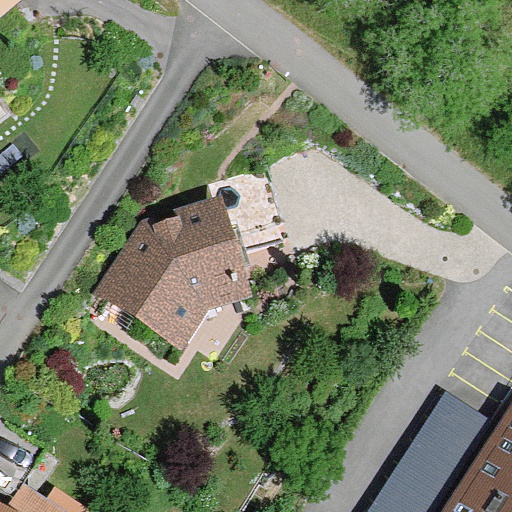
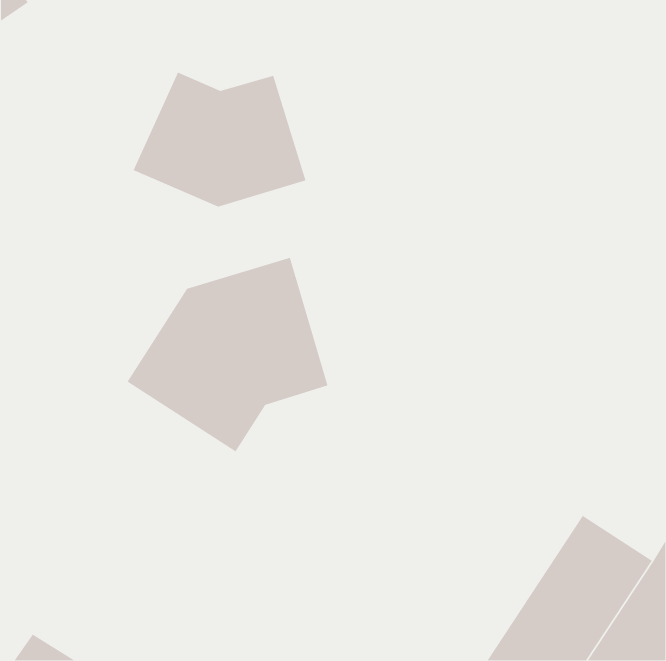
building: none -> [132,72,306,207]

